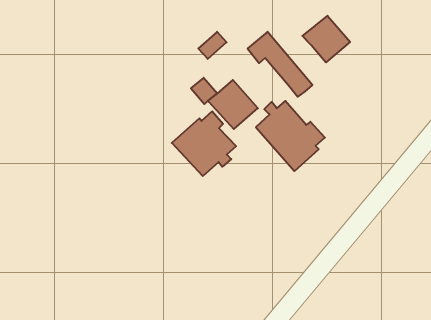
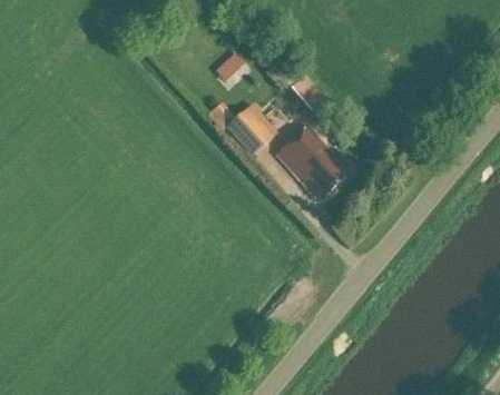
building: [302,16,350,62] -> none
building: [172,111,236,176] -> none

